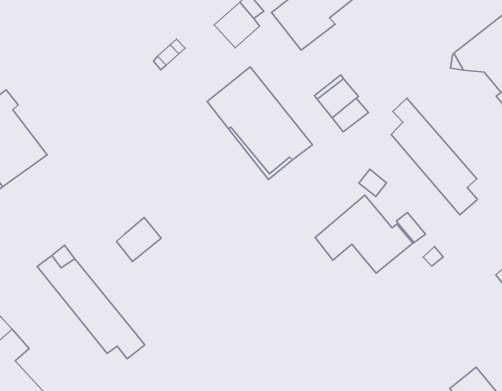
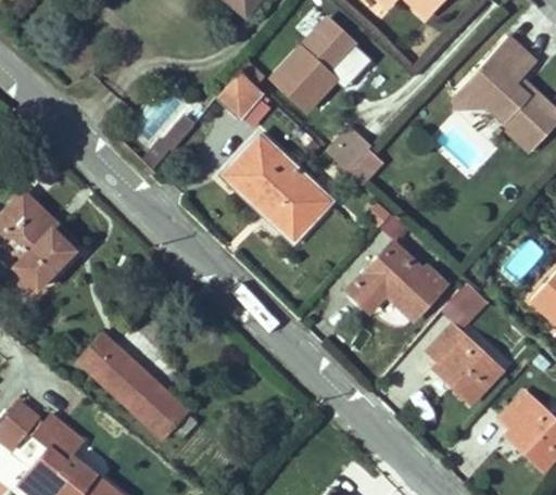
building: [391,98,477,215] -> none
building: [116,218,161,261] -> none
building: none -> [430,326,502,403]

